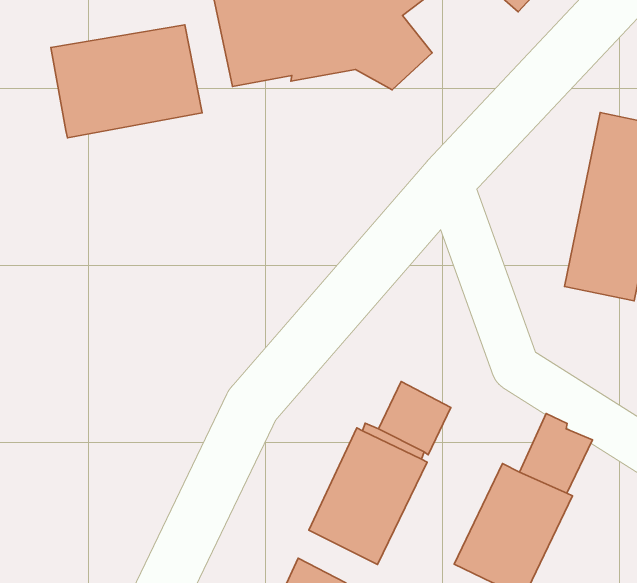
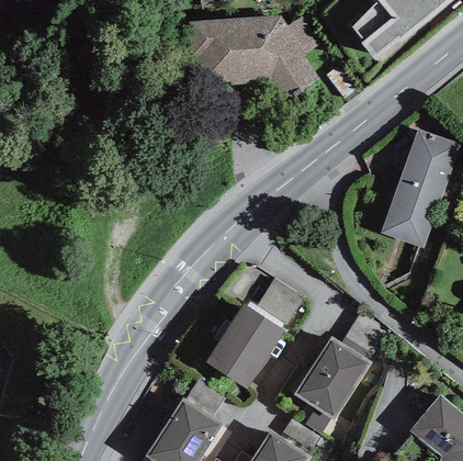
building: [51,25,202,138] -> none

